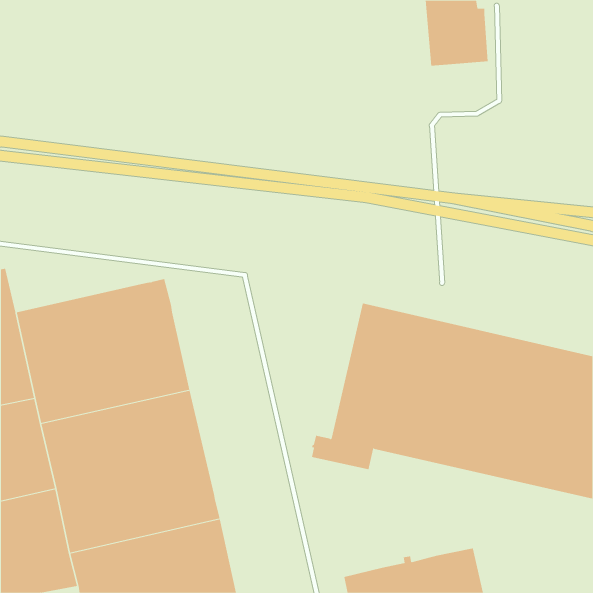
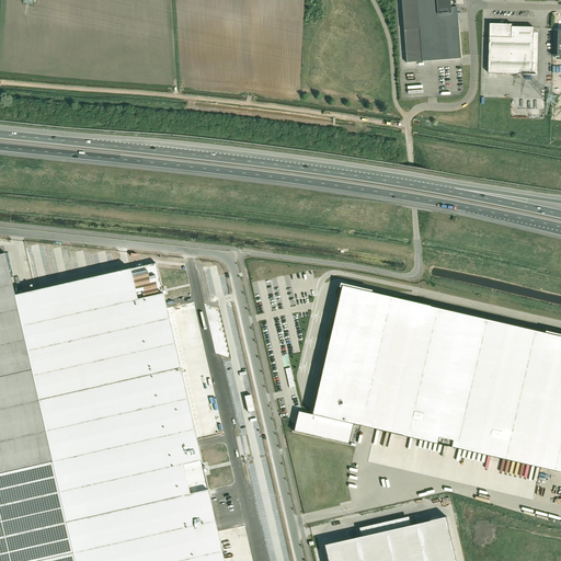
building: none -> [489,22,535,75]

